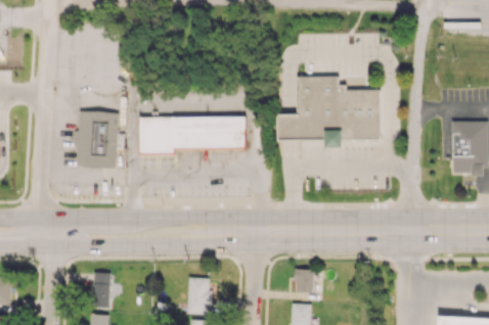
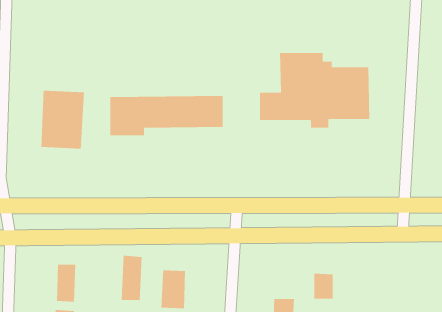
building: none -> [121,255,142,301]
building: [295,268,313,292] -> [313,273,333,299]

